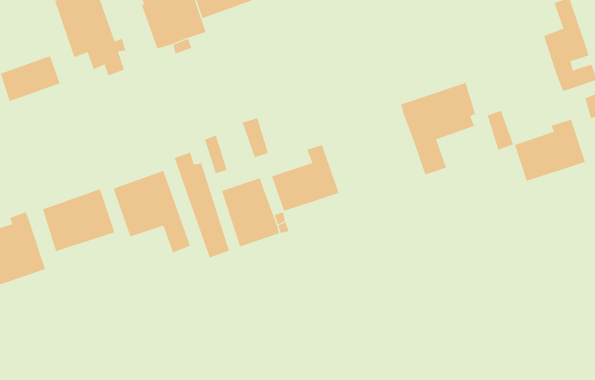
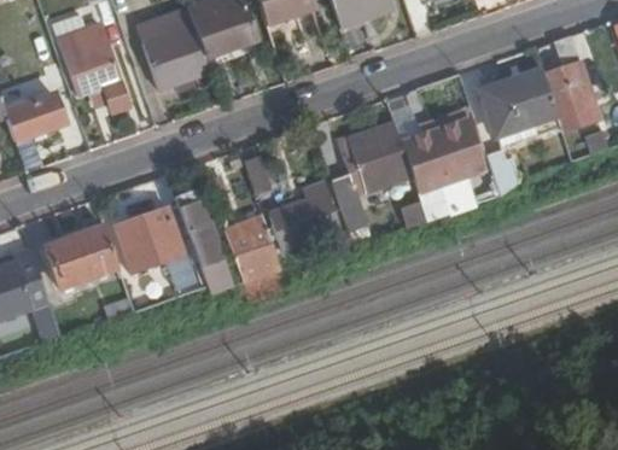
building: none -> [332,122,414,217]
building: [514,119,586,182] -> [485,71,556,133]

